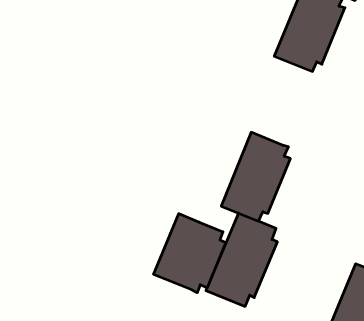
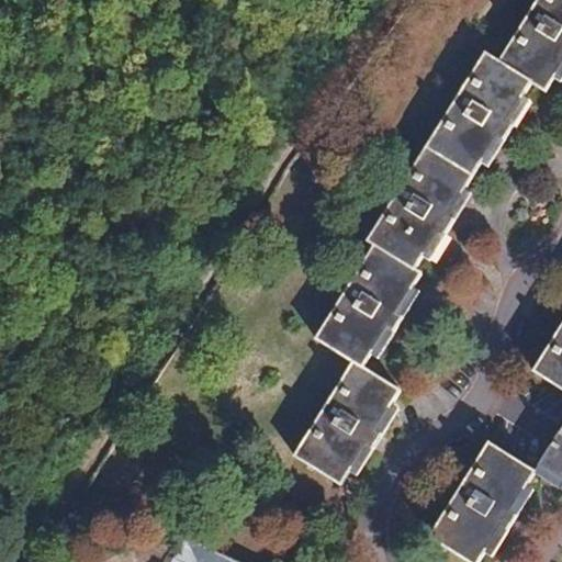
building: none -> [371,146,474,268]
building: [154,214,226,293] -> none

